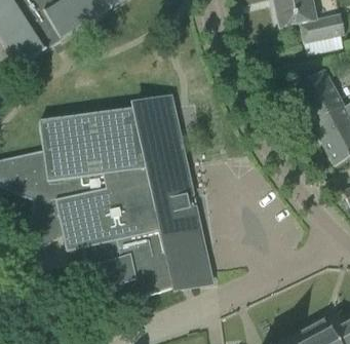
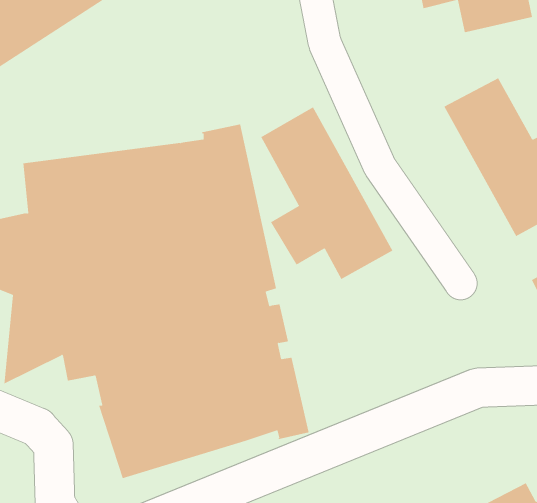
building: none -> [260,107,393,280]

